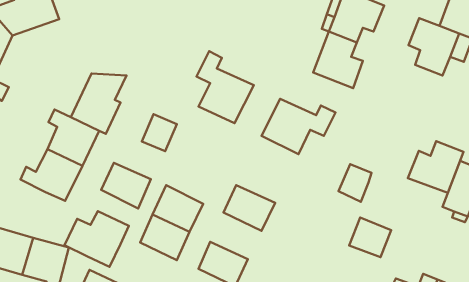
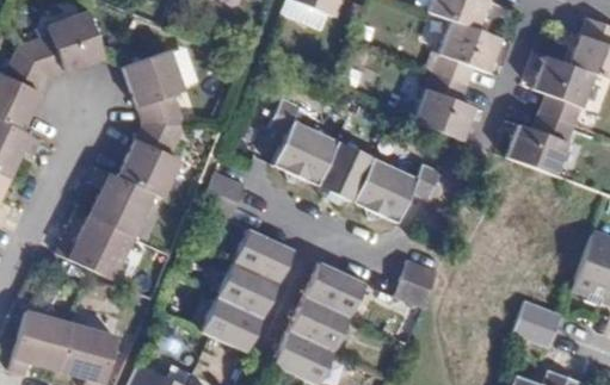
building: none -> [123,50,185,125]
building: none -> [318,137,374,199]
building: [408,141,463,193] -> [505,112,573,175]
building: [101,163,151,208] -> [234,226,295,282]
building: [338,164,372,202] -> [396,260,437,306]
building: [64,211,129,267] -> none
building: none -> [288,293,351,350]
building: [349,217,391,257] -> [512,300,563,349]

